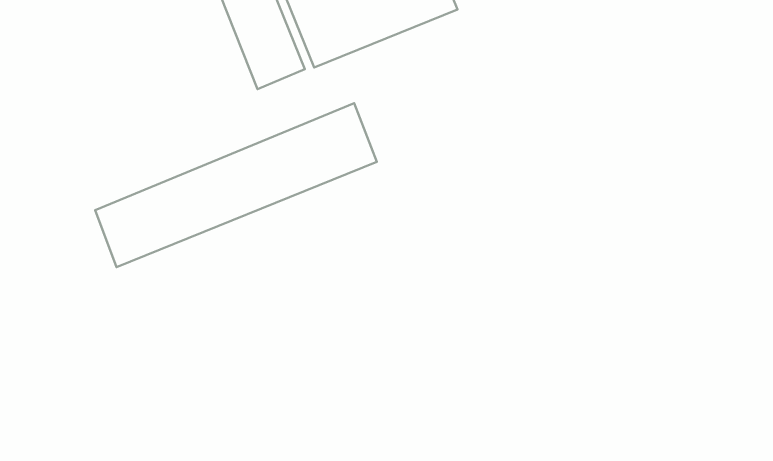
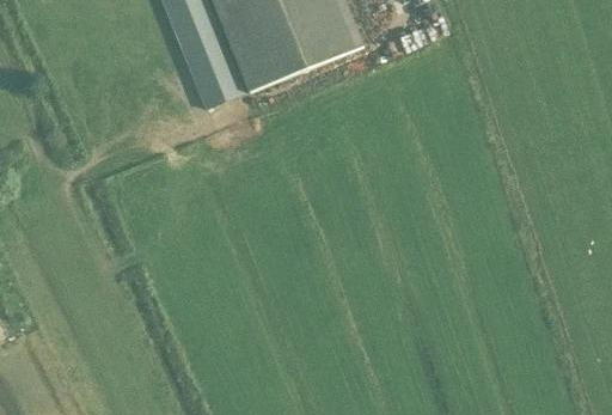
building: [95,103,377,267] -> none

